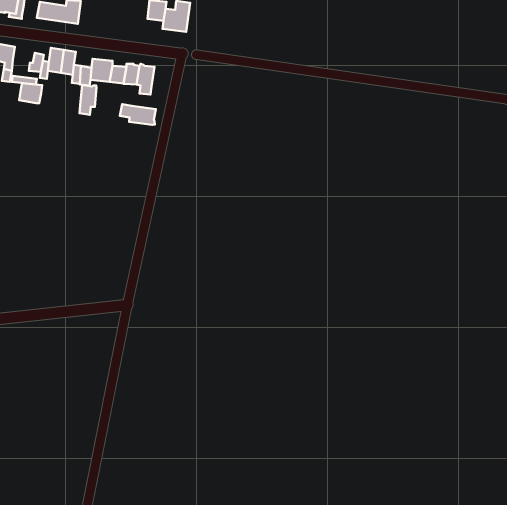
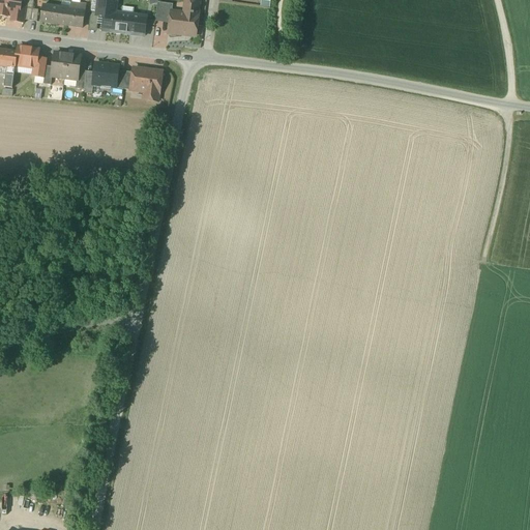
building: none -> [100,8,145,36]
building: [19,83,42,103] -> [13,45,37,65]
building: [79,85,97,115] -> none
building: [120,104,156,125] -> none

